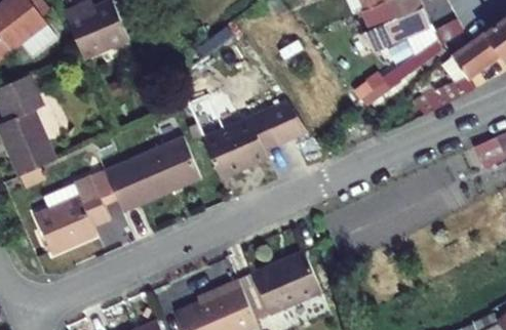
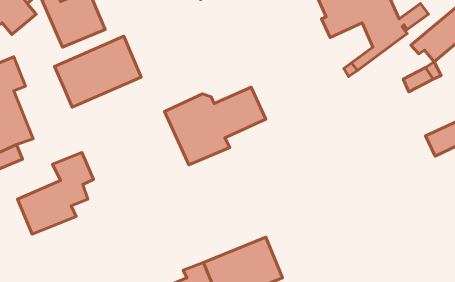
building: [109,147,200,221] -> [55,36,141,107]

